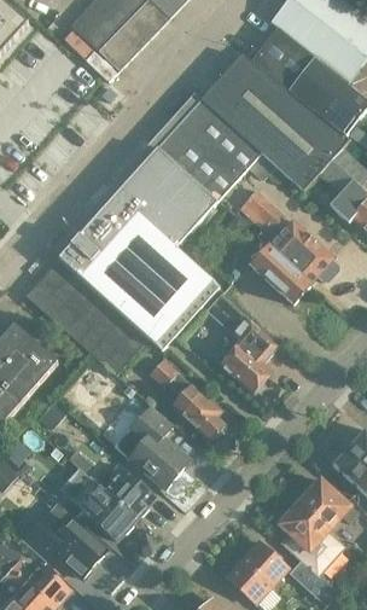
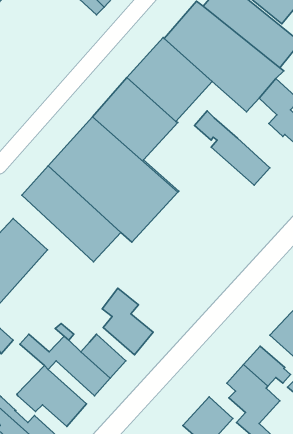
building: [252,233,314,304] -> none
building: [205,294,279,393] -> none
building: [151,359,226,440] -> none

